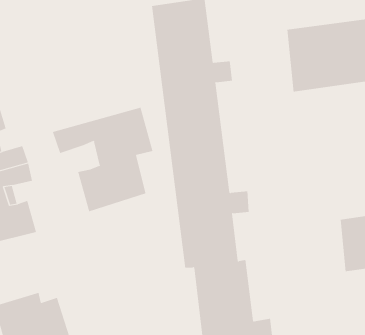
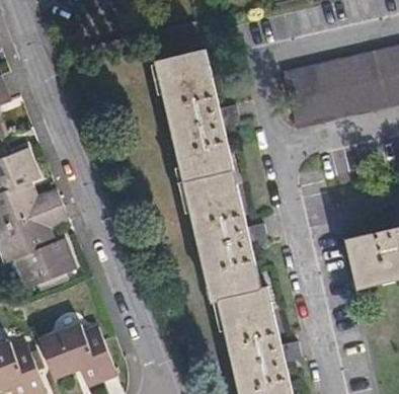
building: [52,107,153,212] -> none

